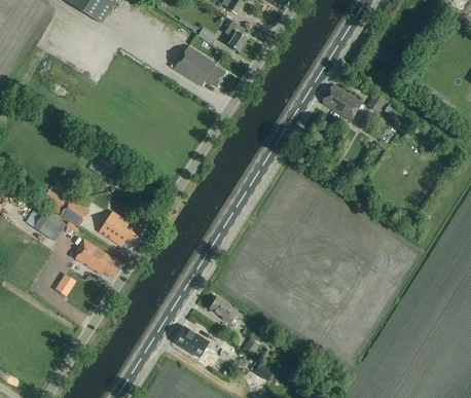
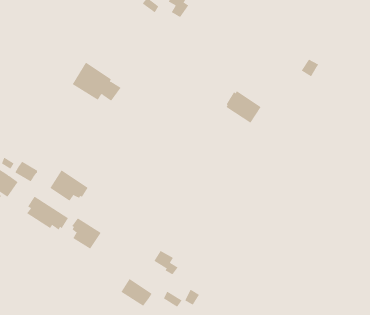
building: [173,44,225,86] -> [72,62,121,102]
building: [322,84,360,119] -> [226,91,262,124]
building: none -> [72,217,102,250]

